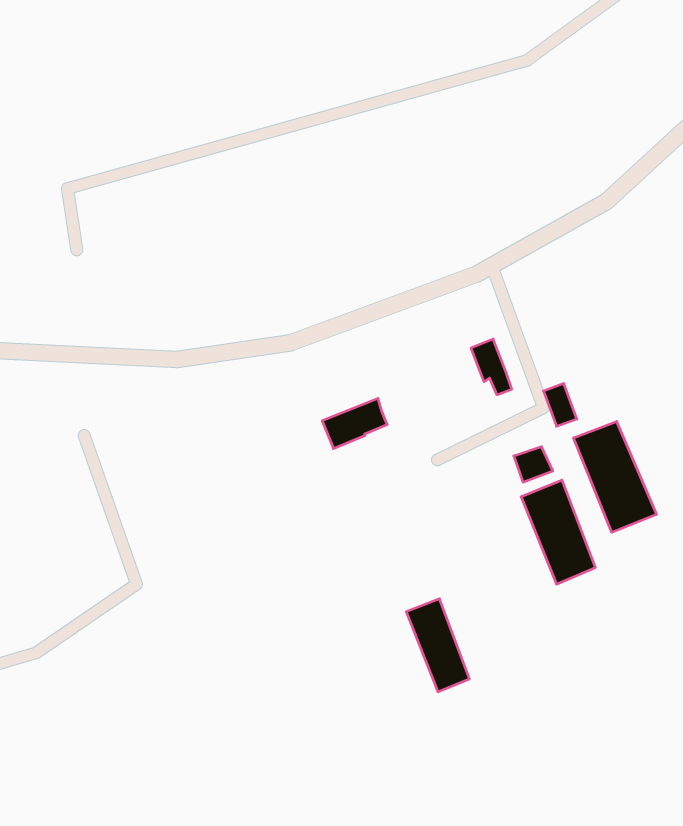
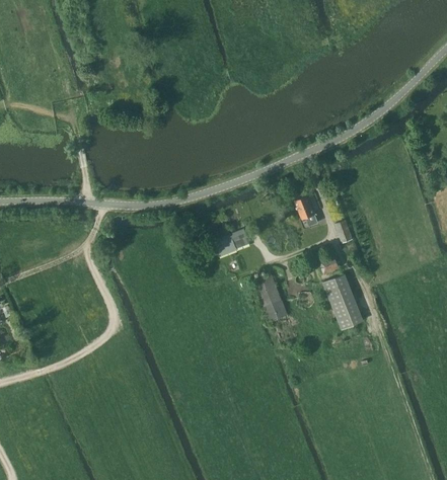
building: [574,421,656,532] -> none
building: [406,599,469,692] -> [252,272,287,323]

